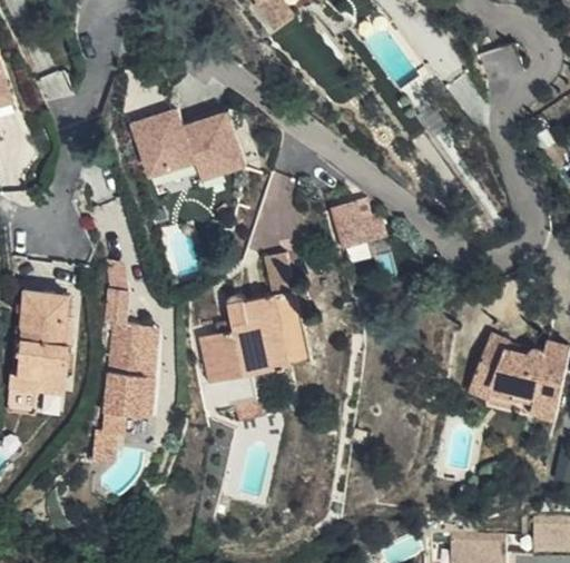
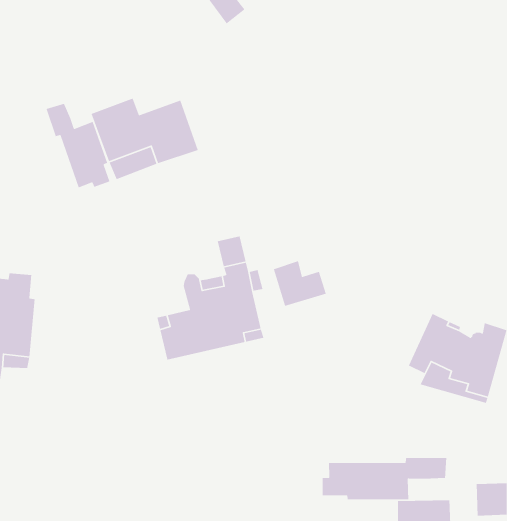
building: none -> [45,103,111,188]
building: [330,199,386,248] -> [273,260,327,307]
building: [106,290,157,434] -> none
building: none -> [322,457,447,500]

